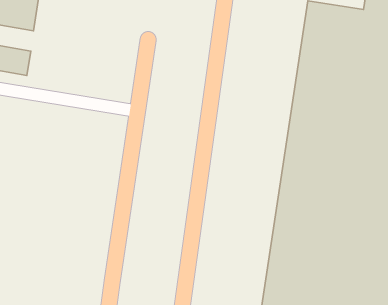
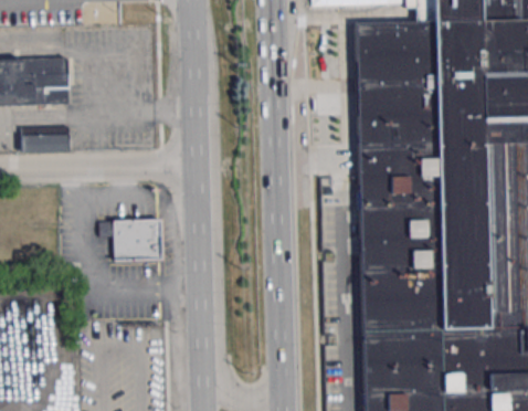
building: none -> [99,217,163,261]

